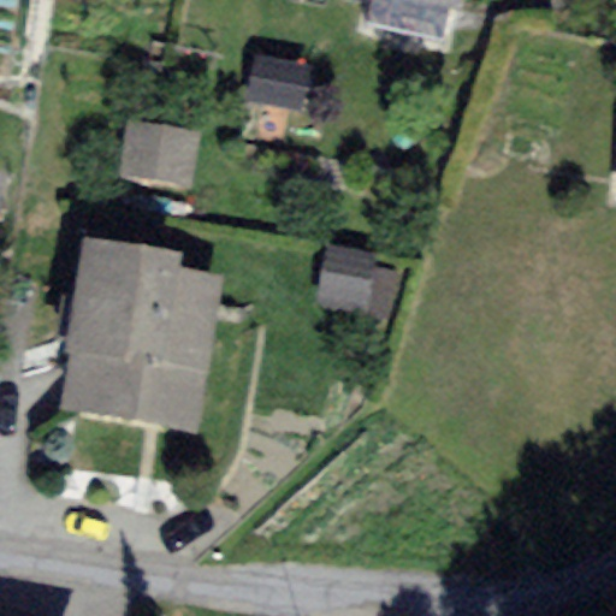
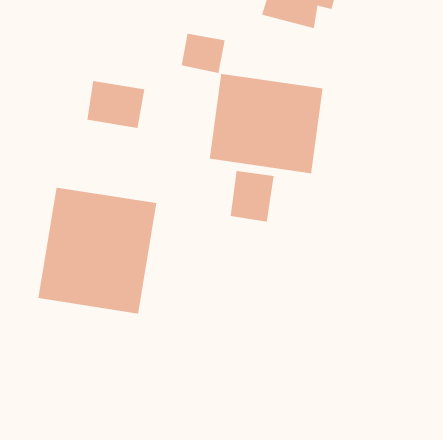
building: none -> [209,73,323,174]

